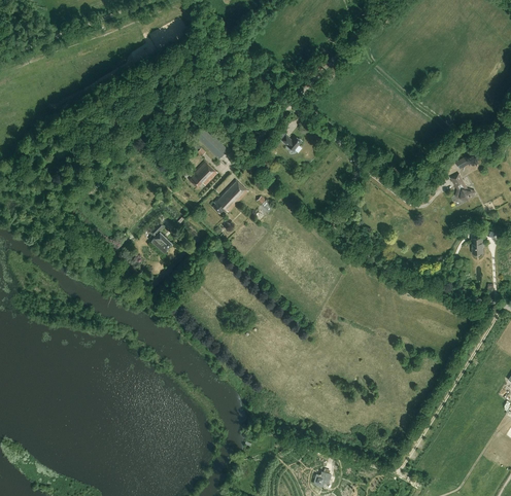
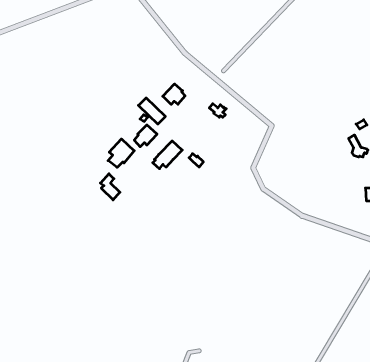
building: none -> [163,84,185,104]
building: none -> [108,139,134,167]

